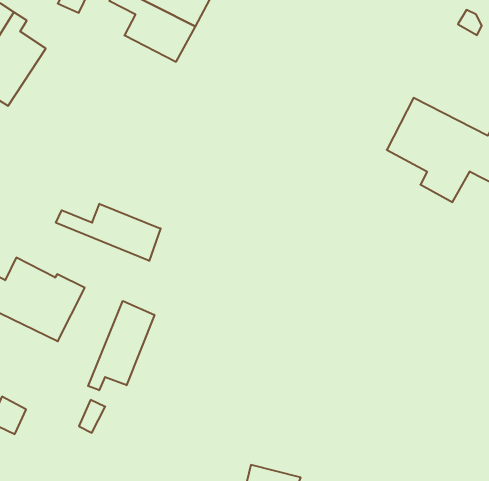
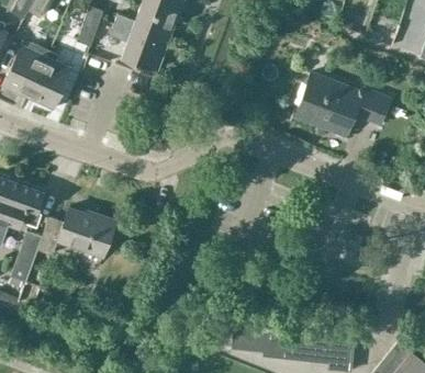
building: [56,204,161,261] -> none
building: [88,301,154,390] -> none

